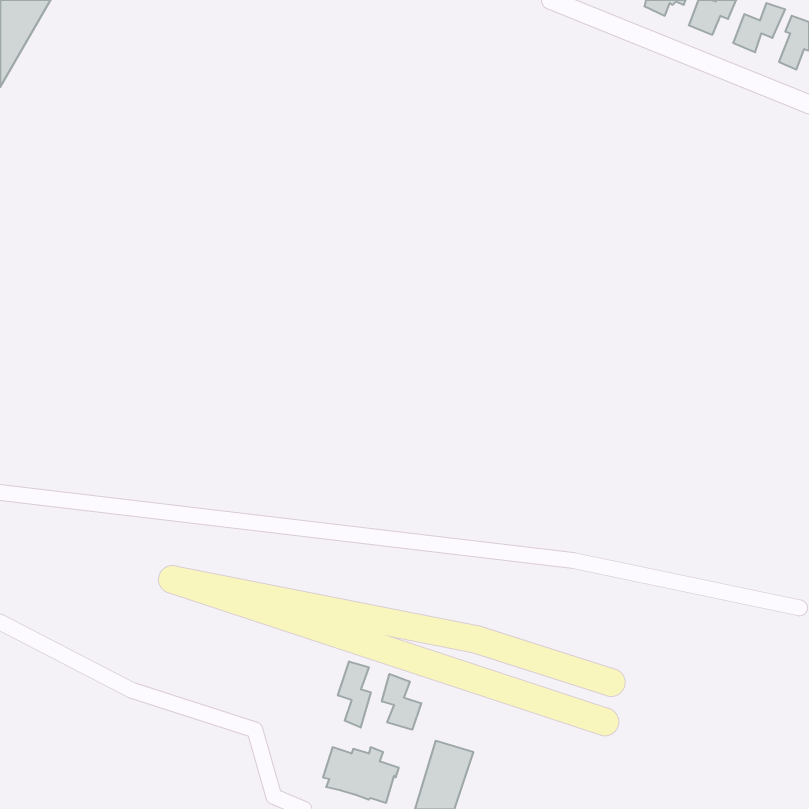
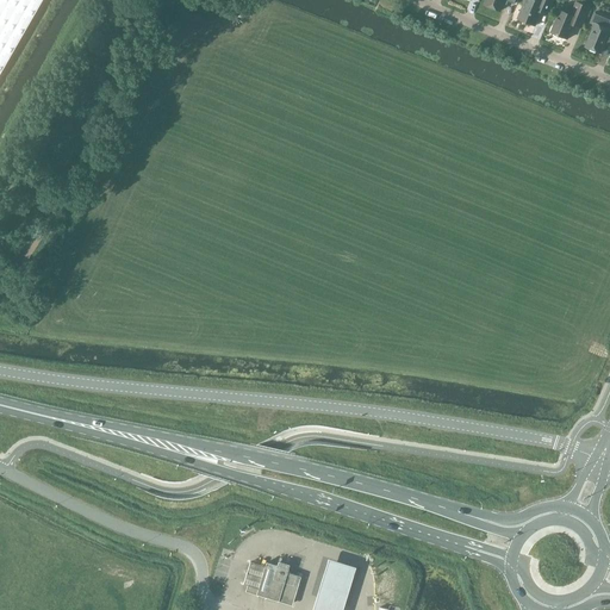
building: [338,661,371,728] -> none
building: [382,674,421,730] -> none

